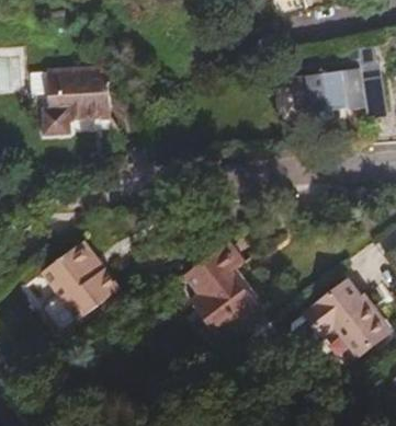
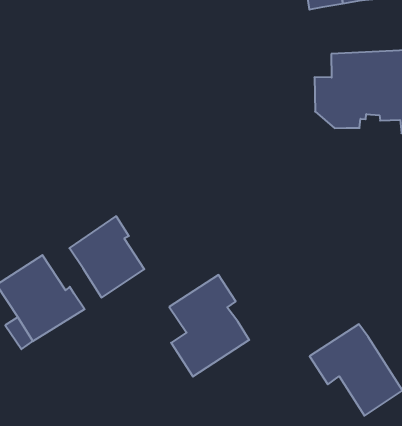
building: [39,64,106,139] -> none
building: none -> [69,216,144,298]

